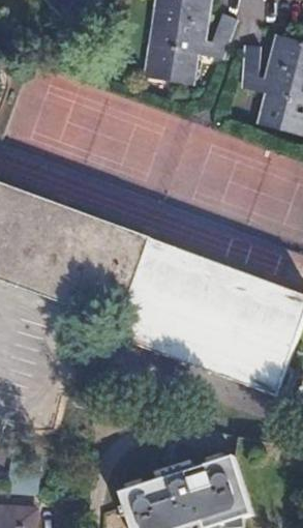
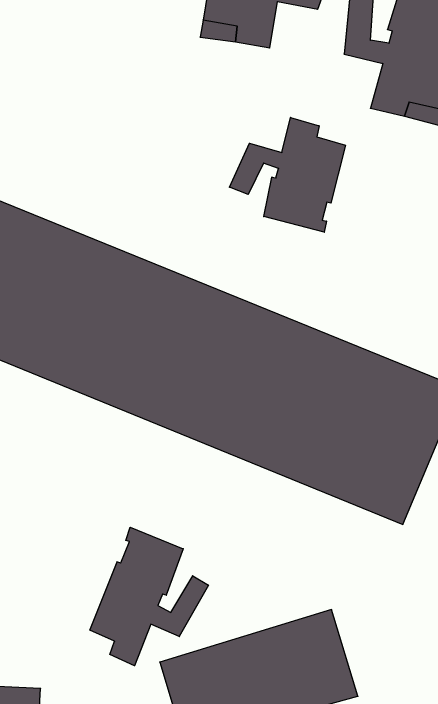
building: none -> [229,117,345,232]
building: none -> [90,527,208,666]

